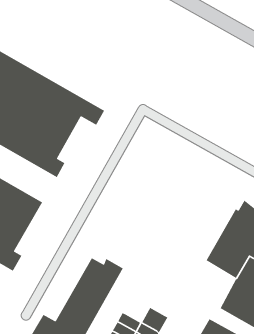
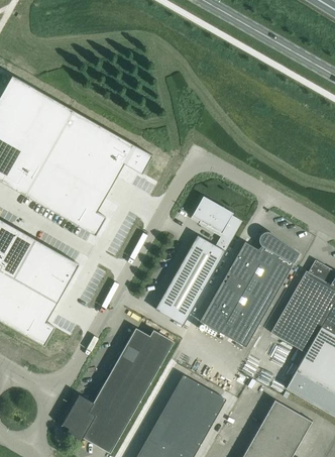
building: none -> [154,198,242,325]
building: none -> [199,232,299,347]
building: none -> [172,374,204,405]

